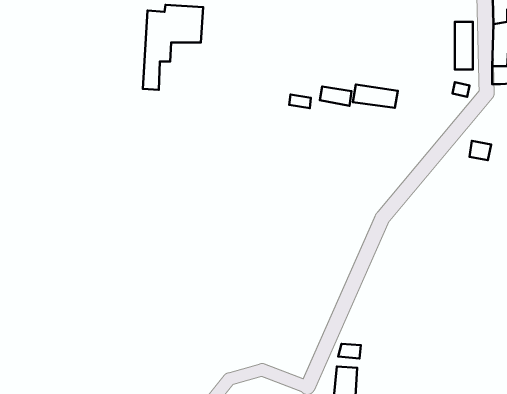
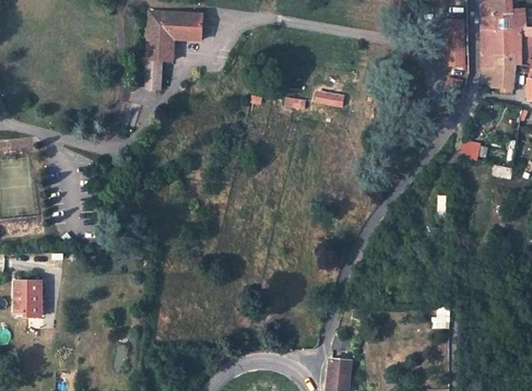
building: [353,84,398,108] -> none
building: none -> [13,281,40,317]

